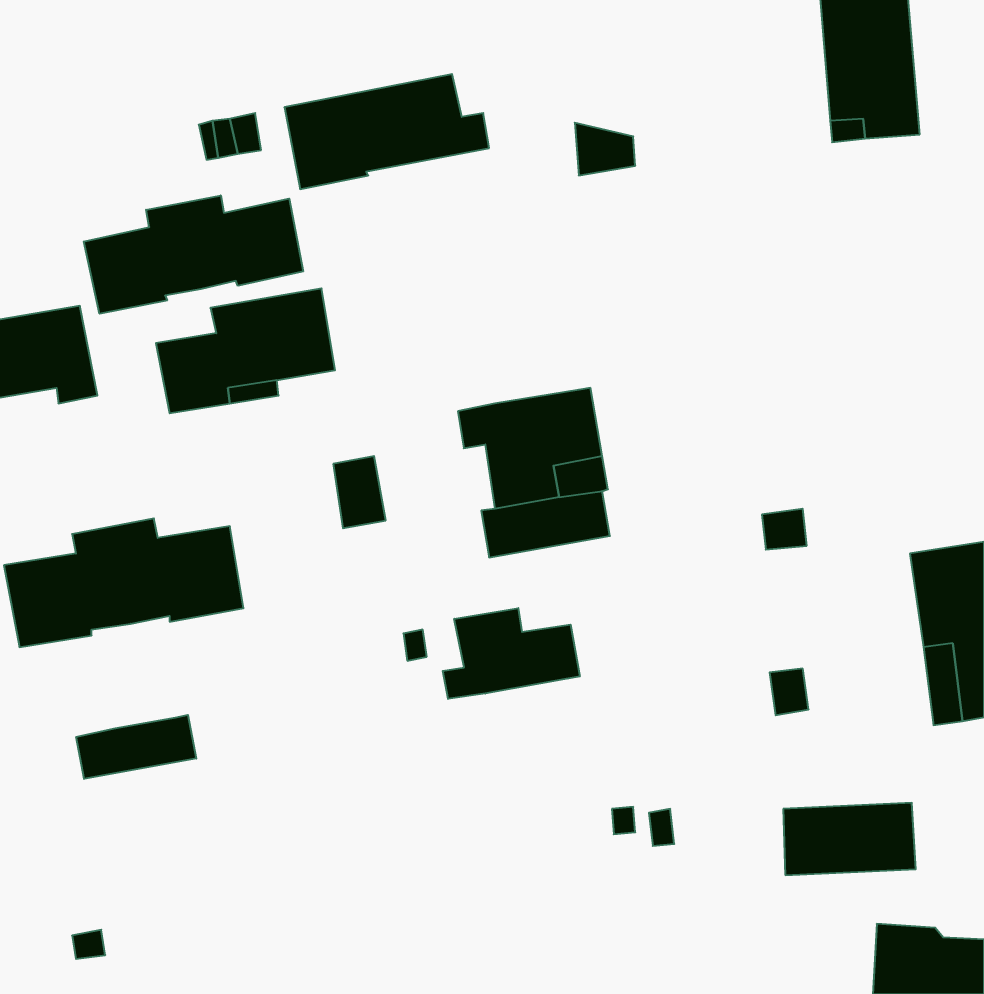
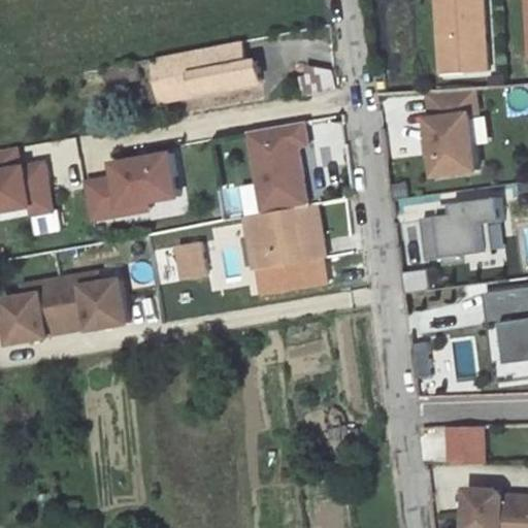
building: none -> [424,88,475,175]
building: [84,195,303,314] -> none
building: none -> [248,122,306,213]
building: none -> [419,197,501,266]
building: [443,608,580,699] -> none
building: [76,715,196,779] -> none

